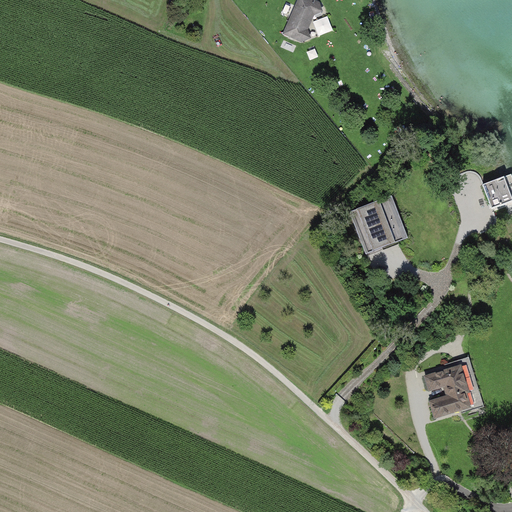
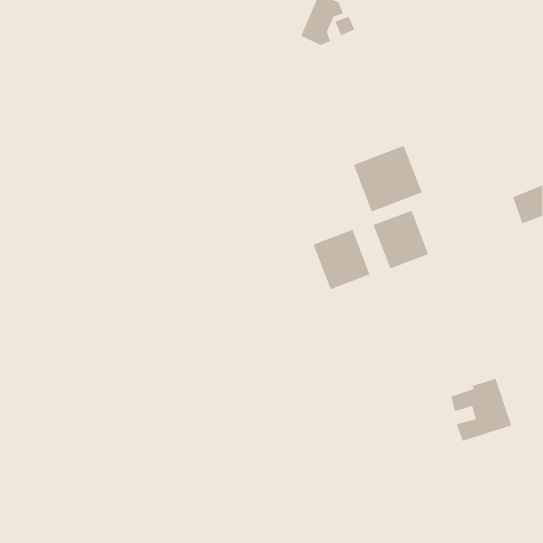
building: none -> [353,145,423,213]
building: none -> [313,229,370,290]

